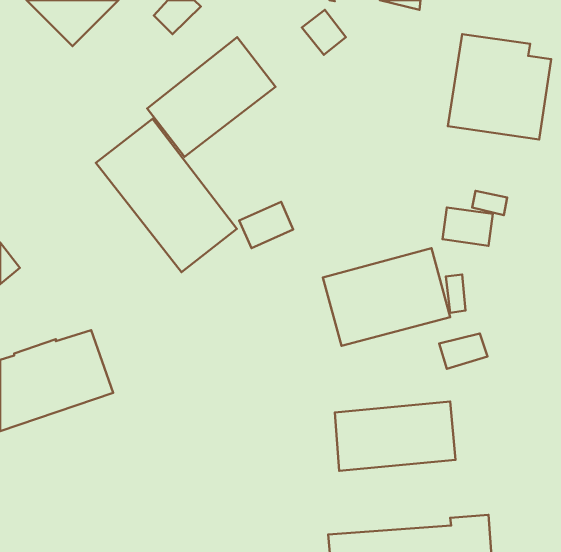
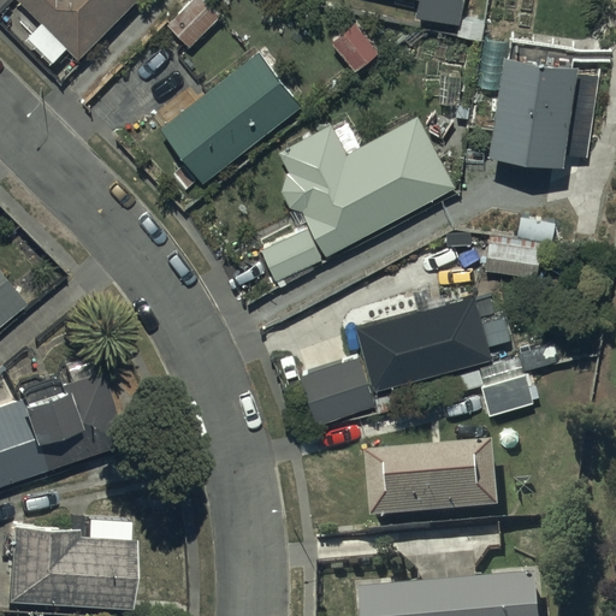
building: none -> [279,117,457,256]
building: [96,119,237,272] -> none
building: none -> [301,356,374,424]
building: none -> [6,520,132,608]

